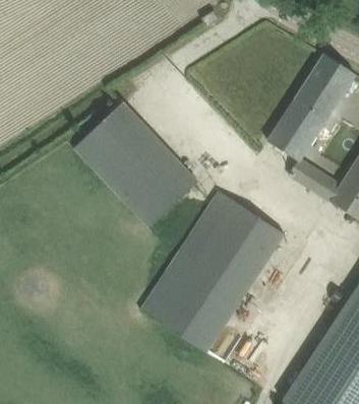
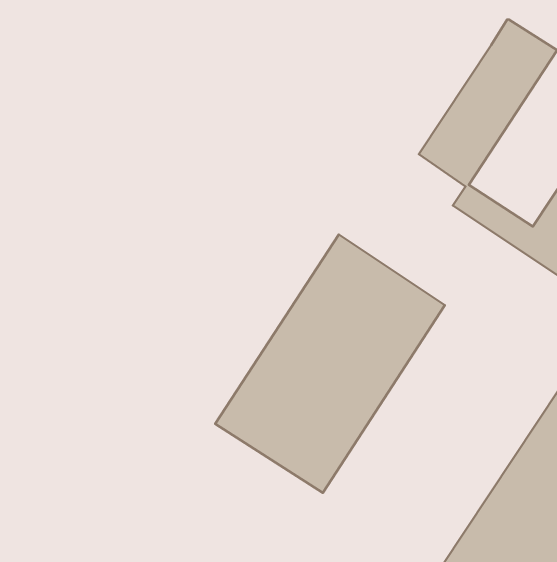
building: [74,102,198,228] -> none

